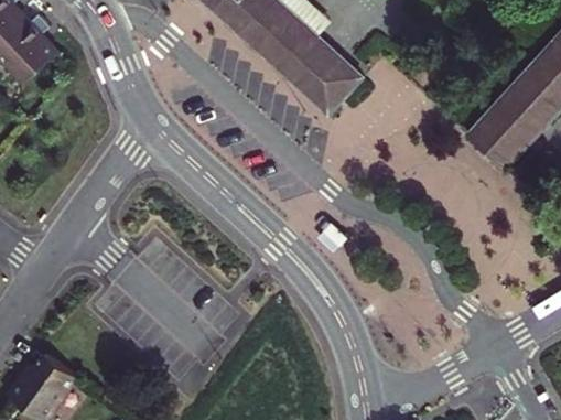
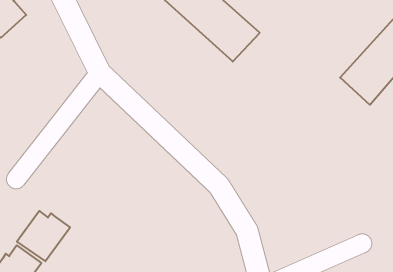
building: none -> [17,211,70,261]

